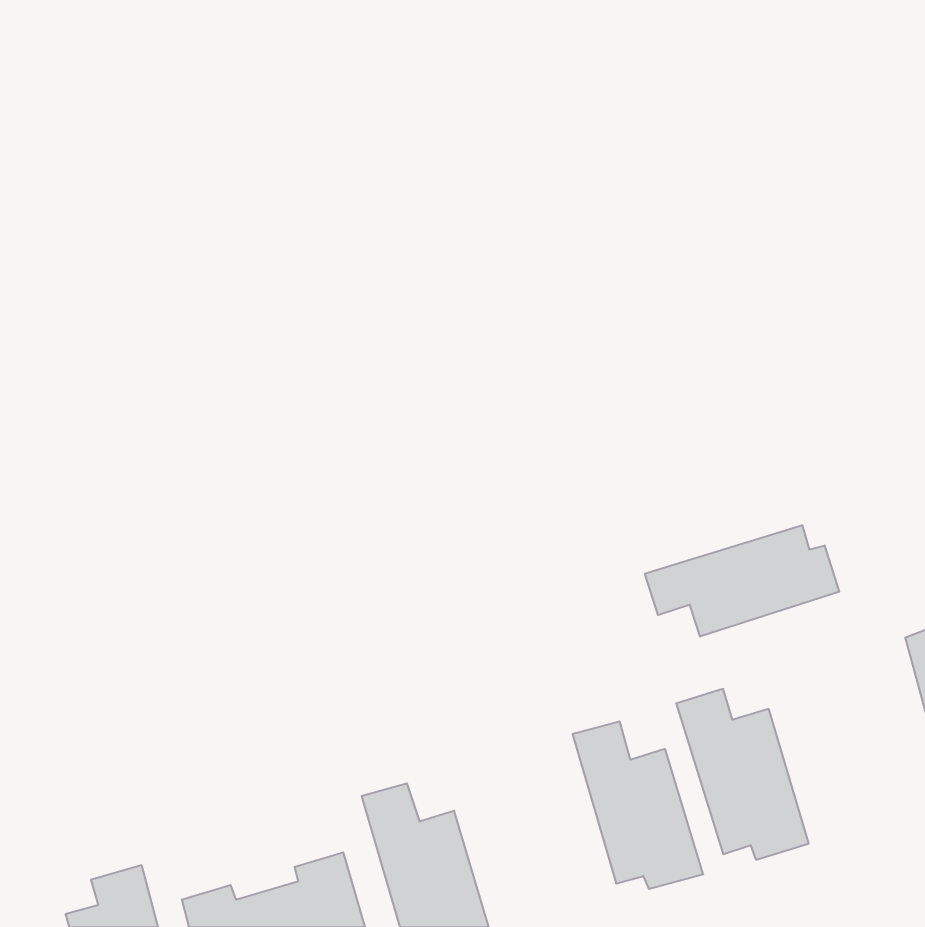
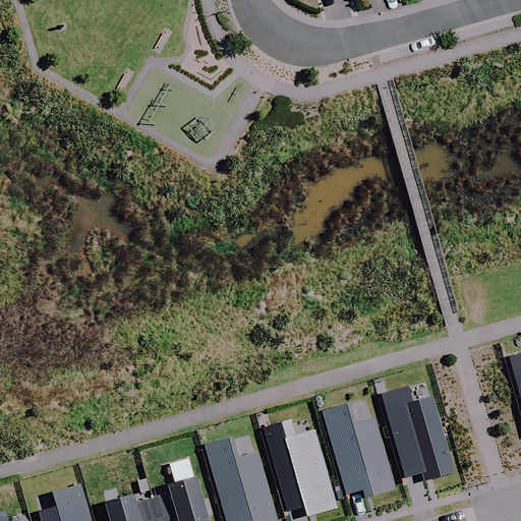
building: [645,525,839,637] -> none
building: none -> [265,420,337,515]

